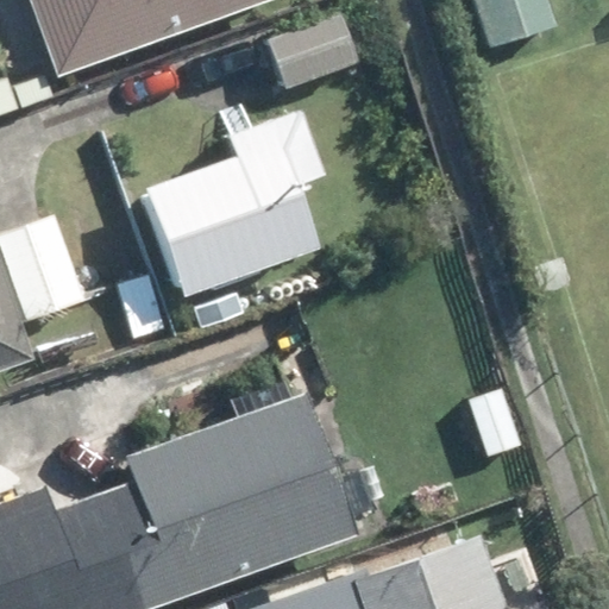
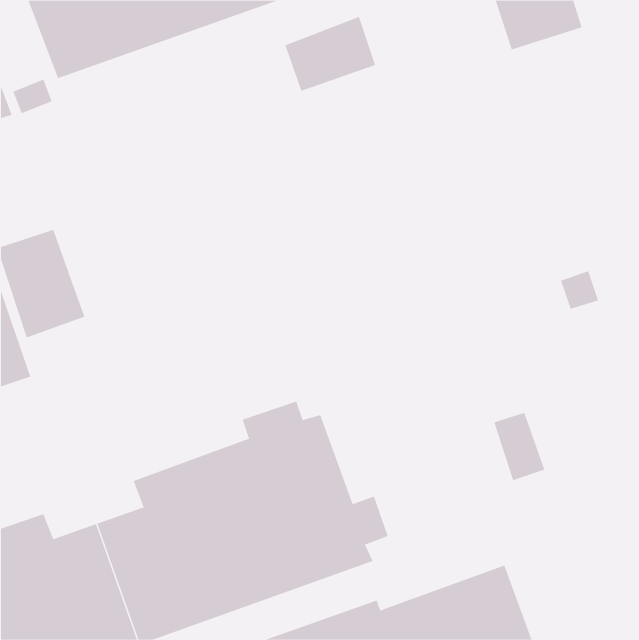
building: [146,109,322,294] -> none

